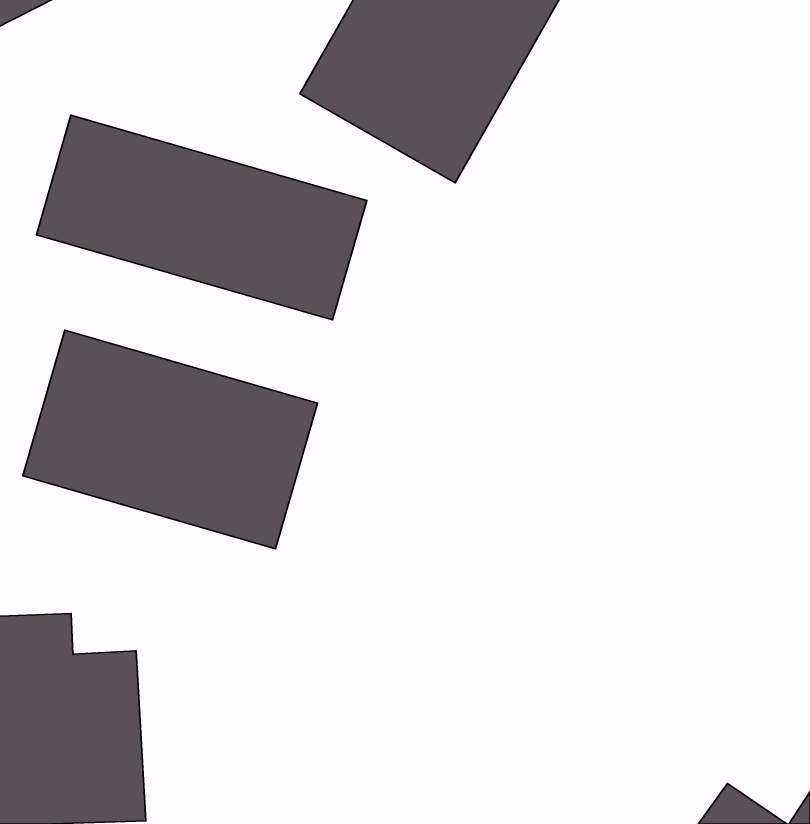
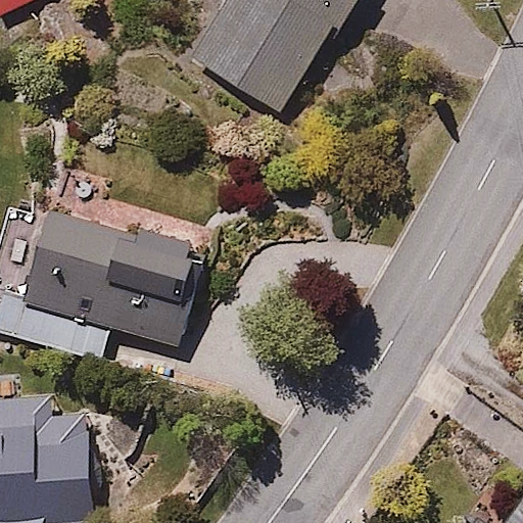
building: [37,115,367,320] -> none

